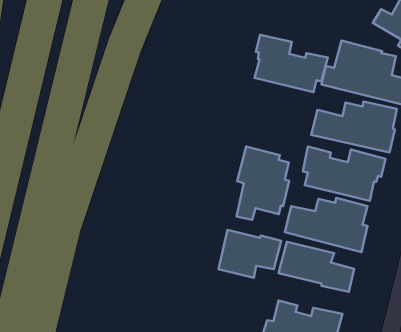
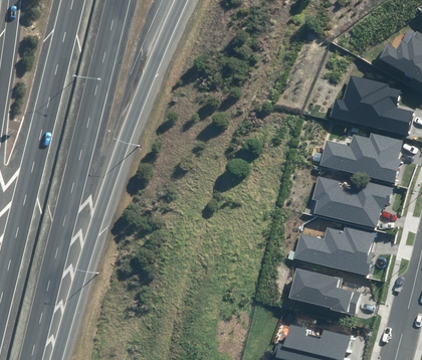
building: [255,35,328,92] -> none
building: [236,147,289,220] -> none
building: [218,230,281,278] -> none

